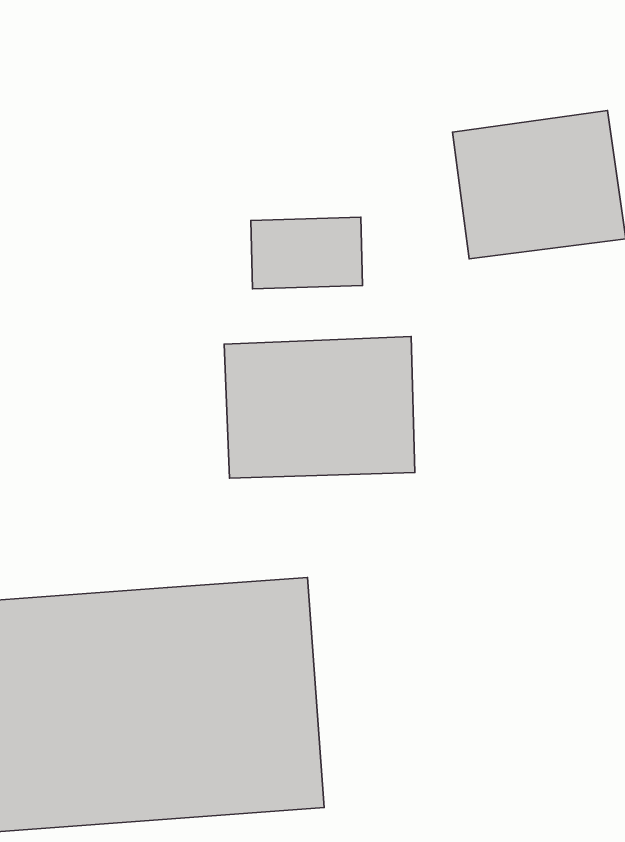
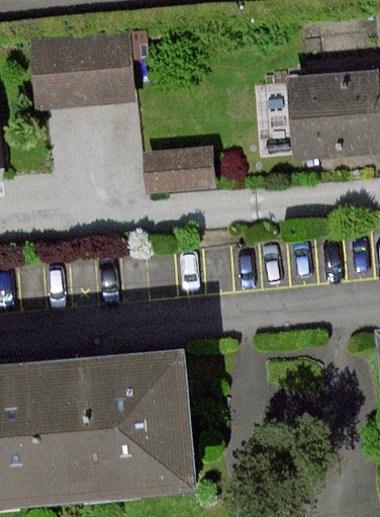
building: none -> [23,32,123,110]
building: [224,336,415,478] -> none

